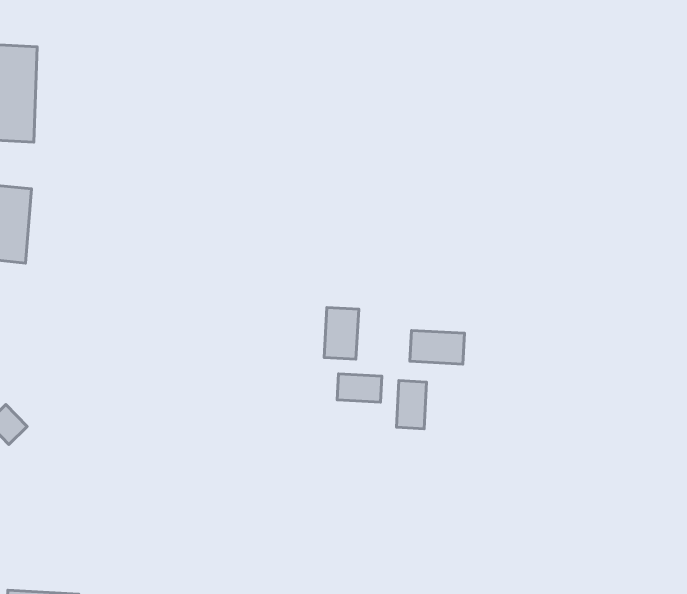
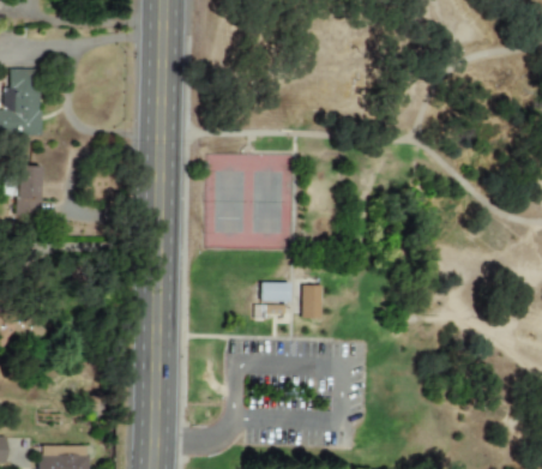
building: [324,307,359,359] -> none
building: [410,330,465,364] -> none

